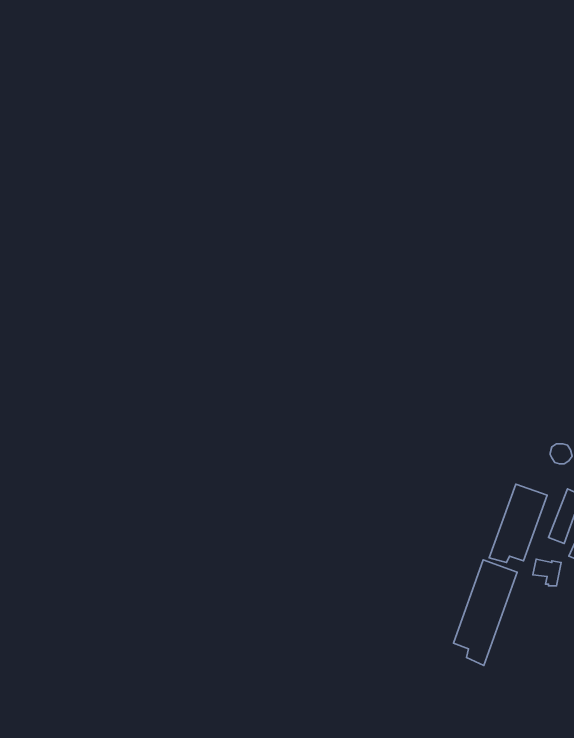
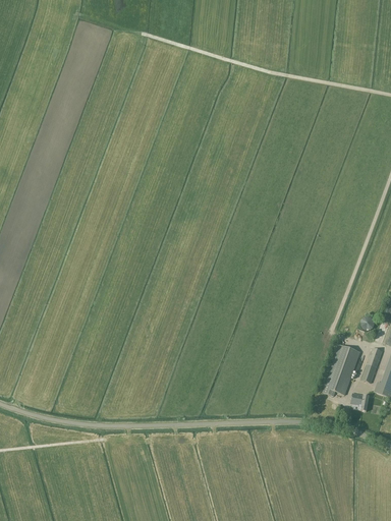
building: [454,560,517,666] -> none

